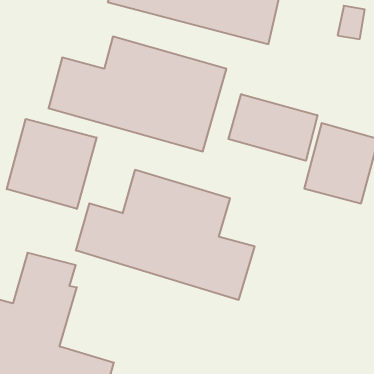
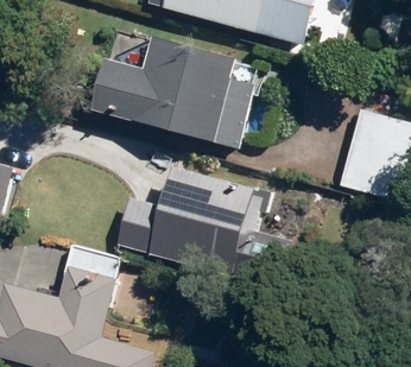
building: [228,94,317,161] -> none
building: [7,119,97,209] -> none

